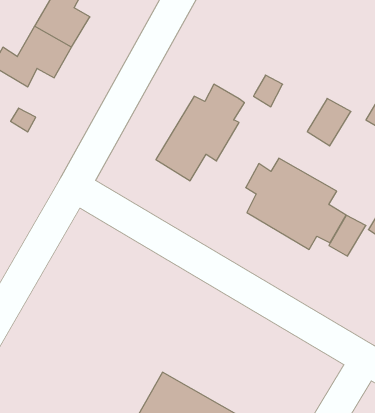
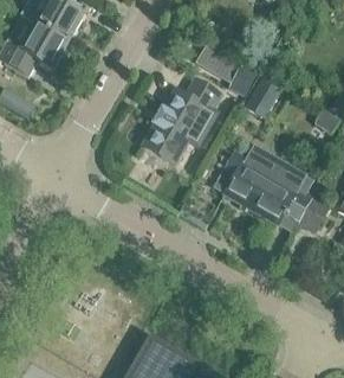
building: none -> [196,45,244,85]
building: [307,98,351,146] -> [244,76,283,118]

